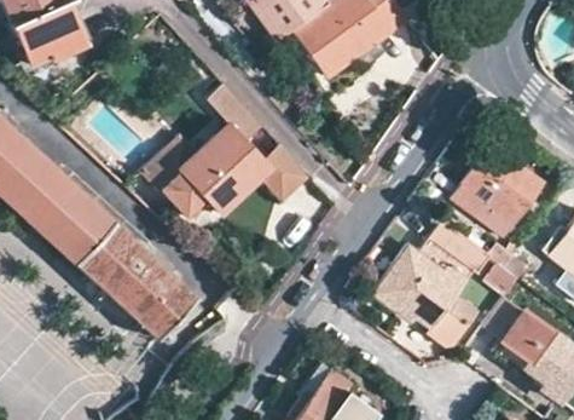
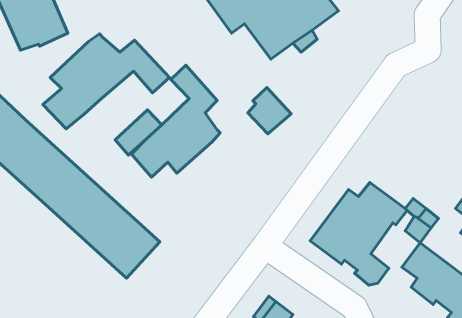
building: none -> [43,34,170,129]
building: [453,142,546,235] -> none
building: [257,144,309,200] -> [248,88,291,134]

